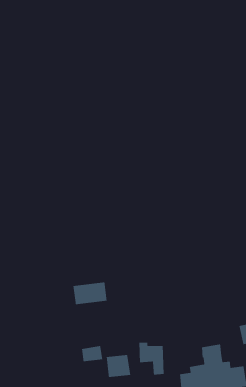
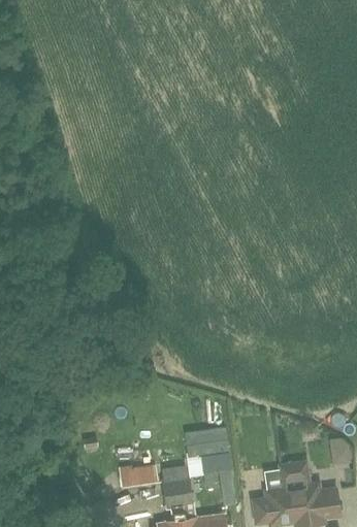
building: [73,281,108,305] -> [185,425,229,455]

